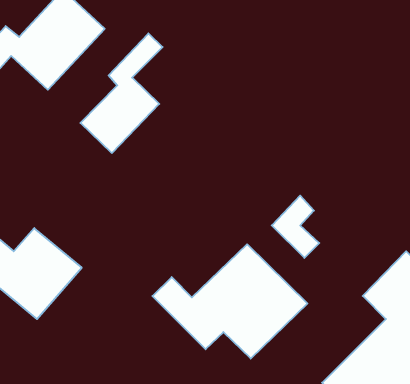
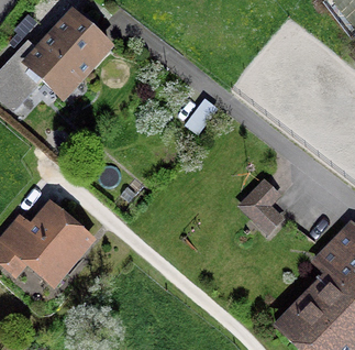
building: [80,33,163,153] -> none
building: [152,244,307,359] -> none

